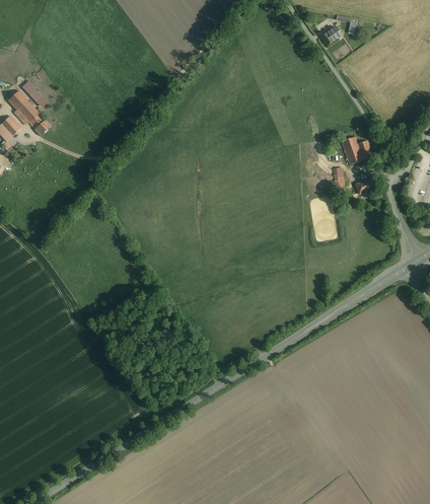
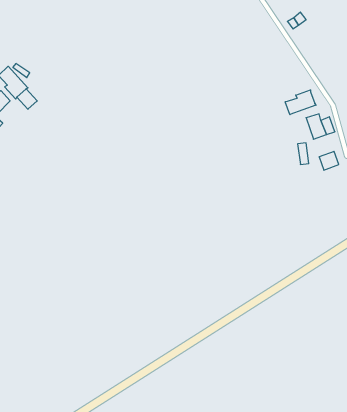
building: none -> [285,90,316,115]

